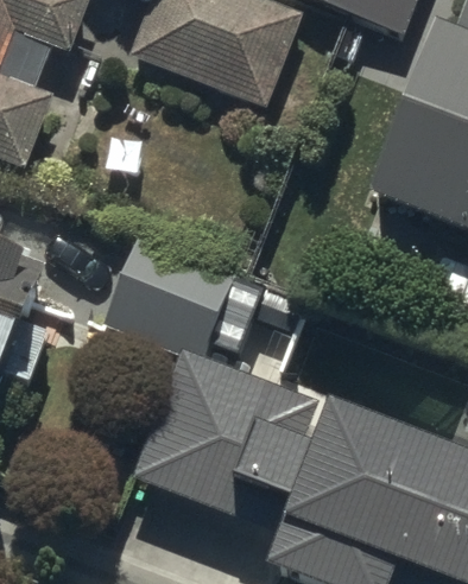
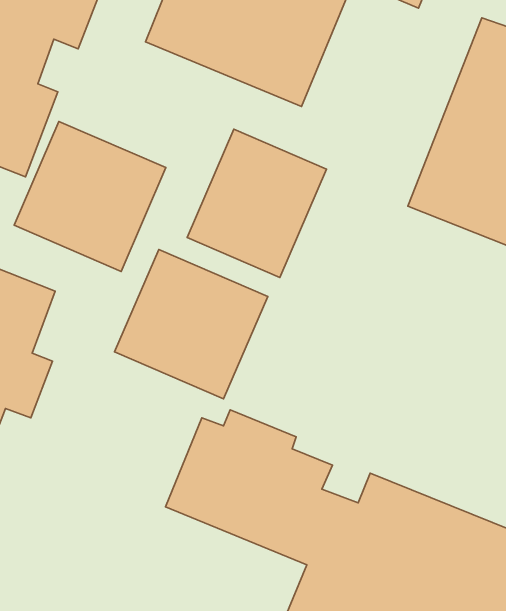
building: none -> [14,121,166,271]
building: none -> [187,129,326,278]

